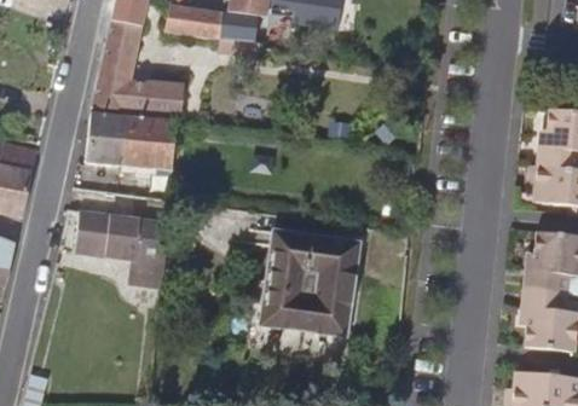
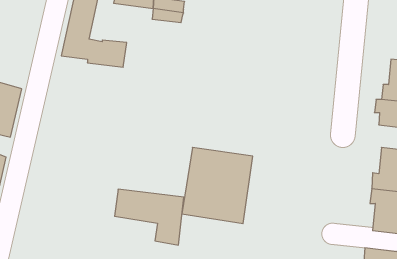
building: [85,111,178,179] -> none
building: [75,211,170,289] -> [115,189,184,245]

